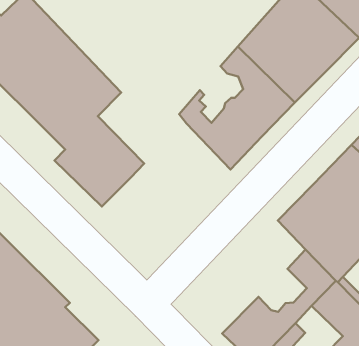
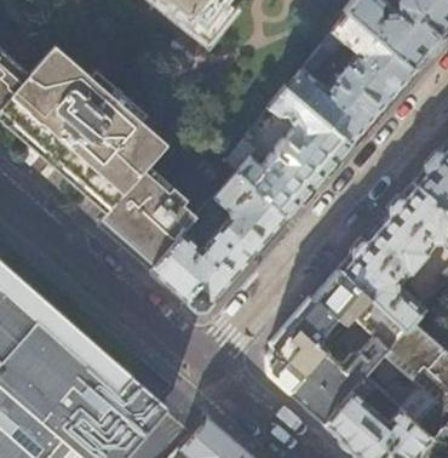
building: none -> [148,172,286,311]
building: none -> [264,269,371,393]

